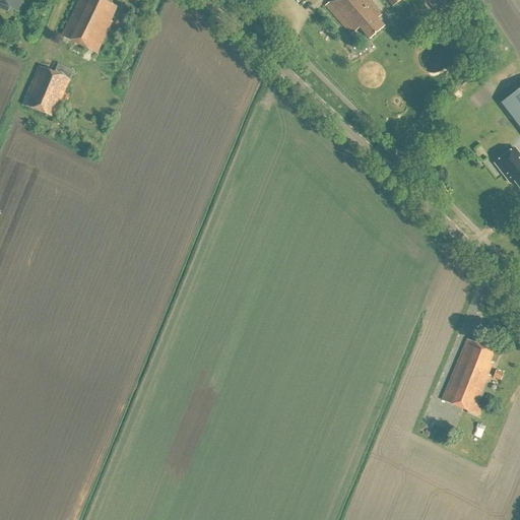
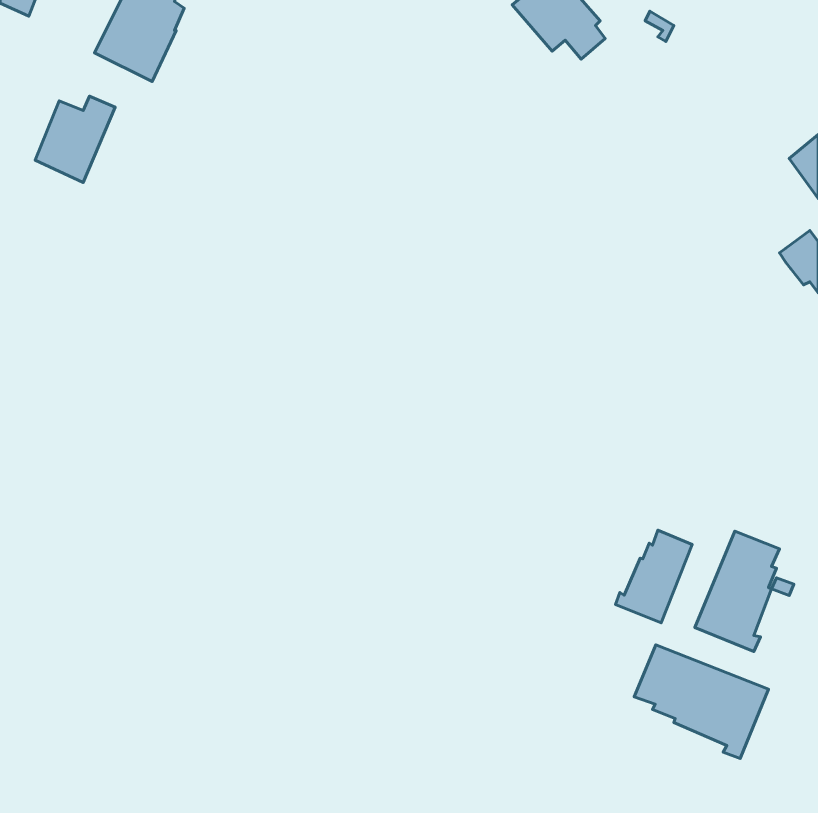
building: none -> [615,530,692,623]
building: none -> [634,645,768,758]

